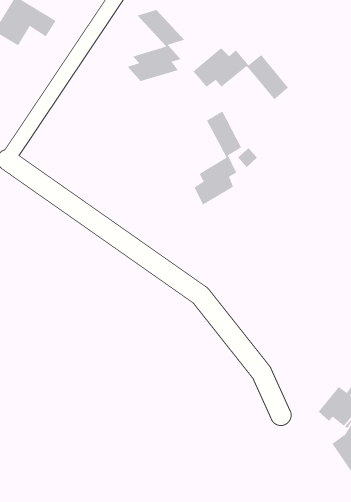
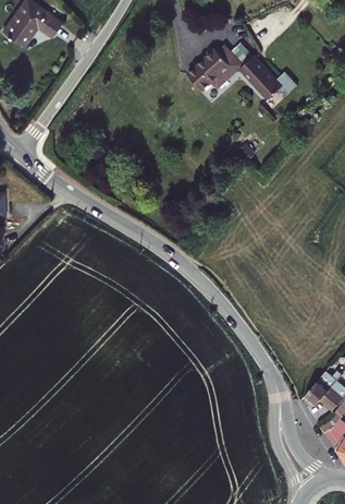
building: [127,9,185,82] -> none
building: [194,111,242,206] -> none

